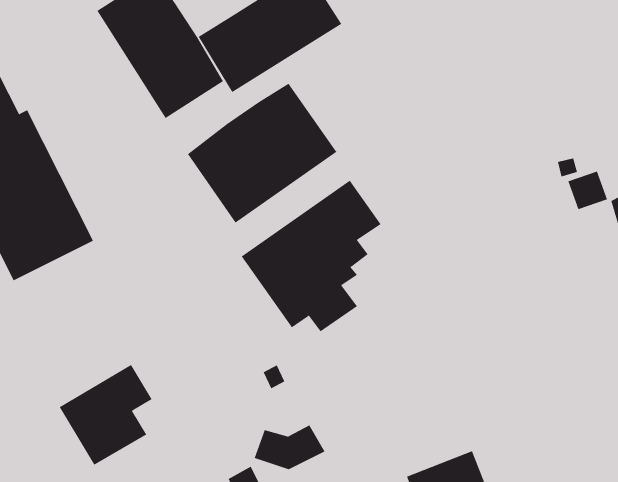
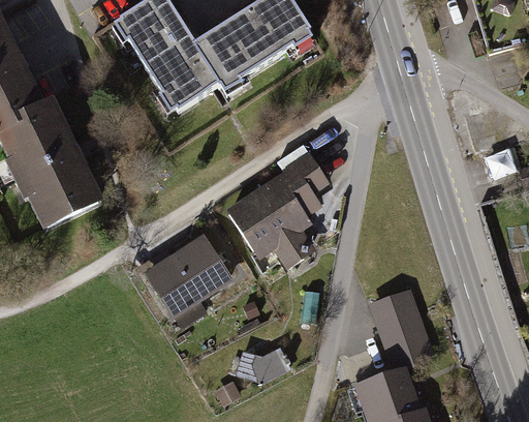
building: [187,83,337,223] -> none
building: none -> [367,288,435,371]
building: [59,364,152,466] -> [147,242,221,323]

